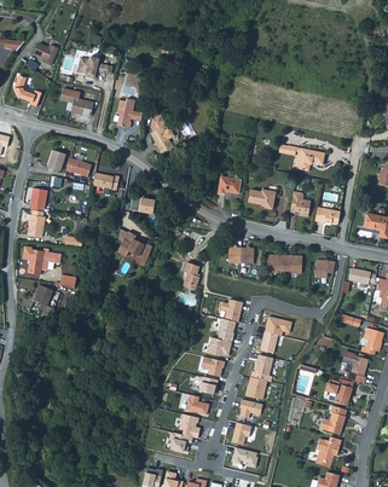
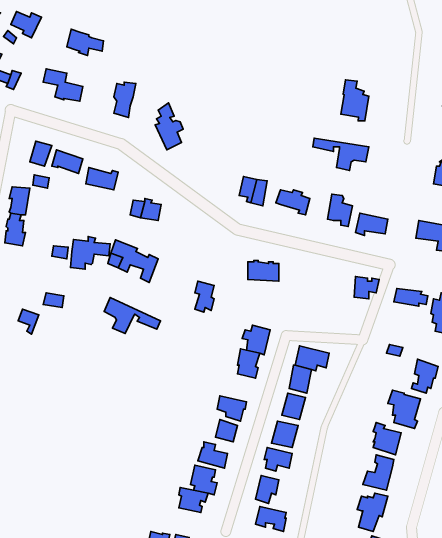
building: none -> [341,80,369,121]
building: [29,245,62,272] -> [70,237,110,269]
building: [265,255,300,273] -> none
building: none -> [104,297,161,333]

